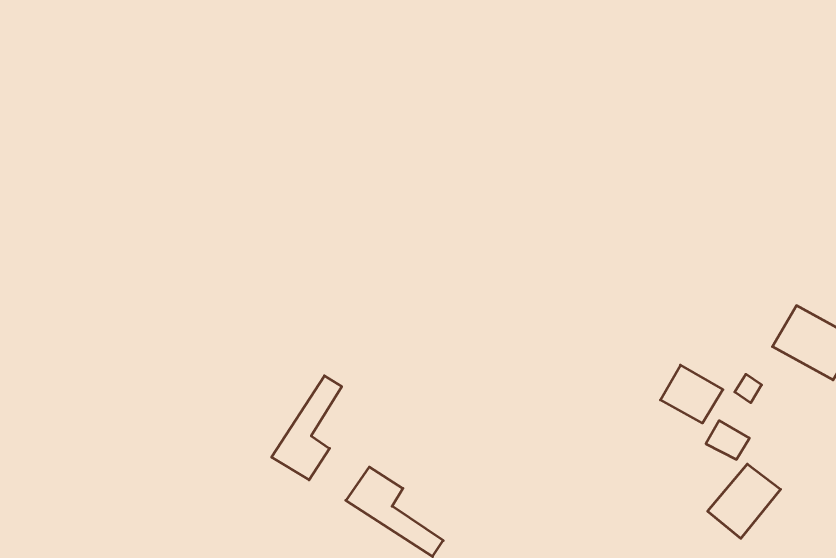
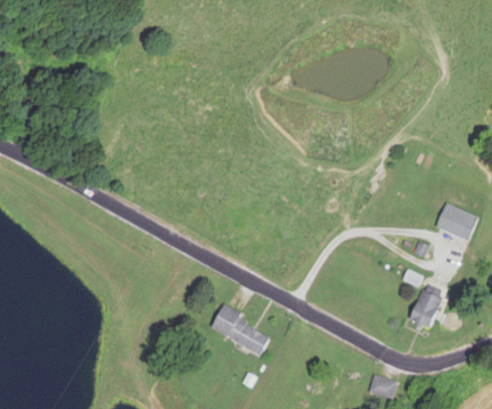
building: [660,365,723,423] -> none
building: [272,376,342,480] -> none

